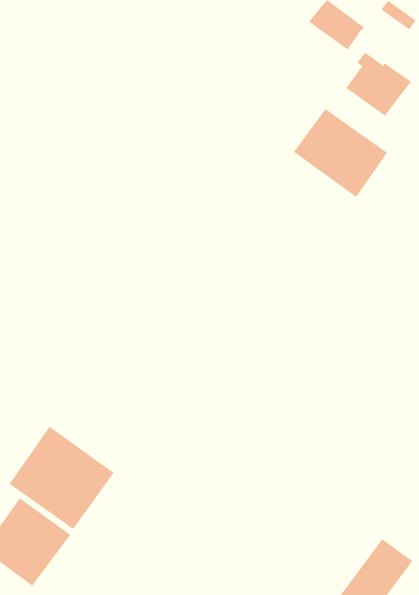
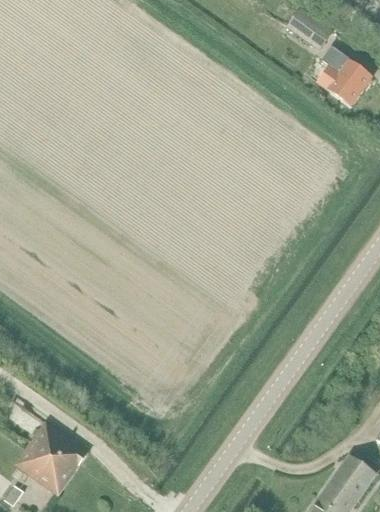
building: [293,108,388,198] -> none
building: [9,426,114,530] -> none

